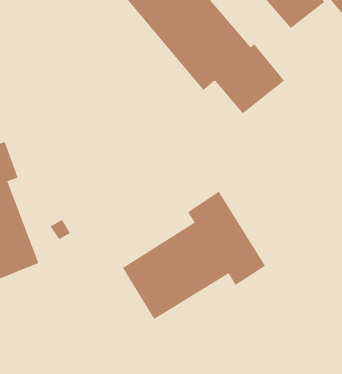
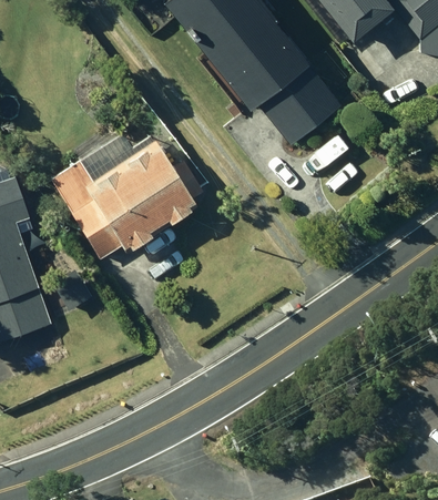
building: none -> [52,136,206,259]
building: [122,191,266,320] -> none

